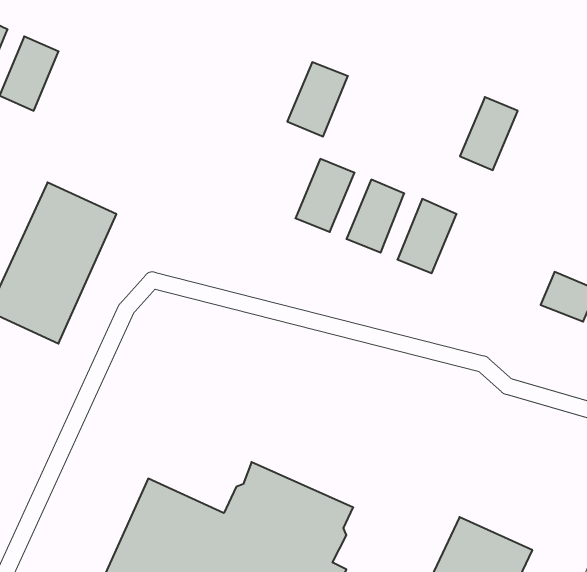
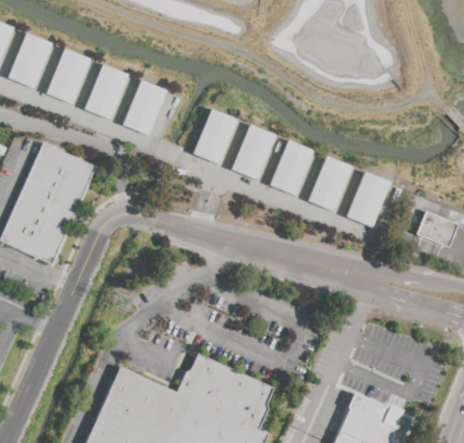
building: none -> [47,49,90,104]
building: [287,62,348,137] -> [193,109,239,165]
building: none -> [85,64,129,120]
building: [460,97,518,170] -> [347,172,390,227]
building: none -> [124,80,167,135]

